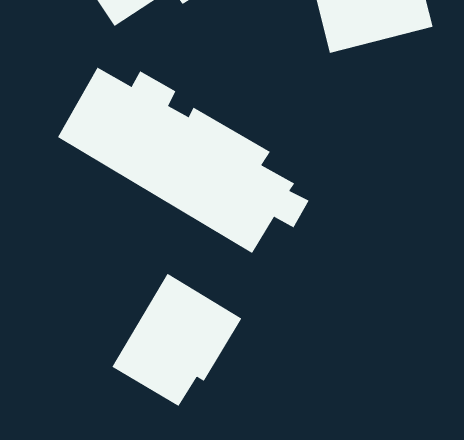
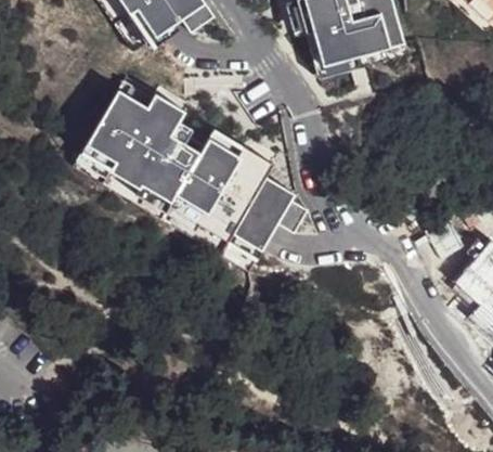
building: [111,273,242,407] -> none

